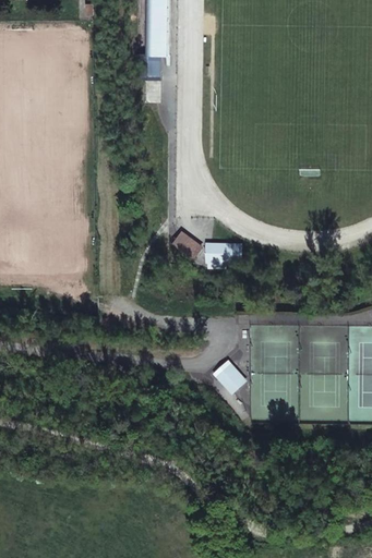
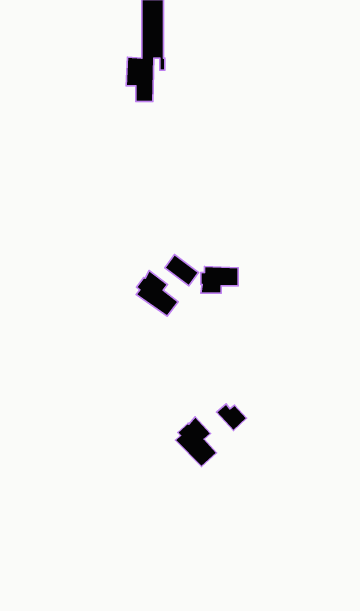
building: none -> [136,271,178,316]
building: none -> [175,417,217,467]

